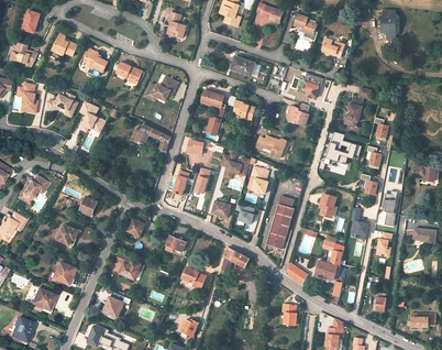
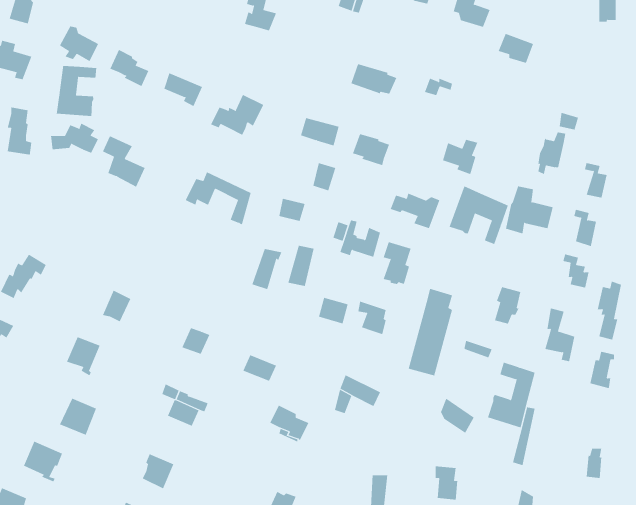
building: none -> [56,65,97,117]
building: none -> [449,186,508,245]

